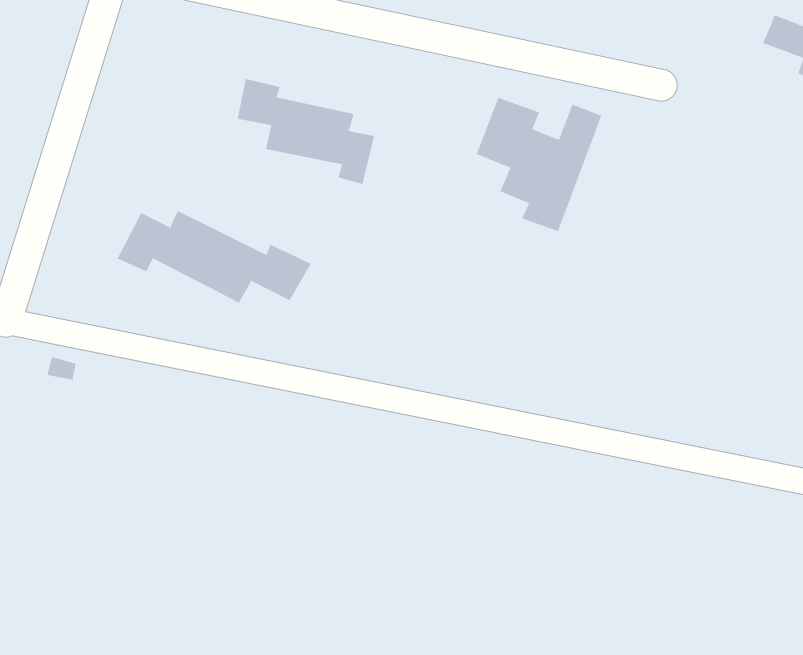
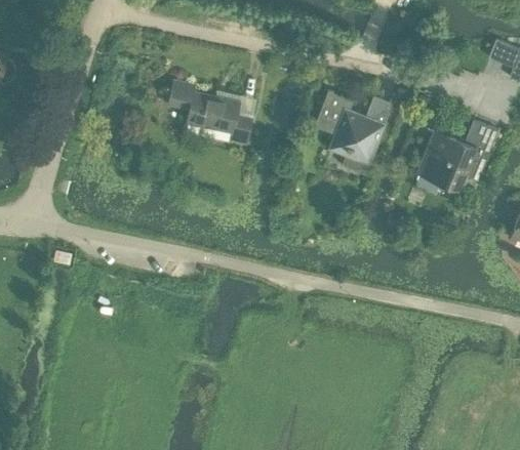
building: none -> [419,120,498,190]
building: [117,210,311,304] -> none

